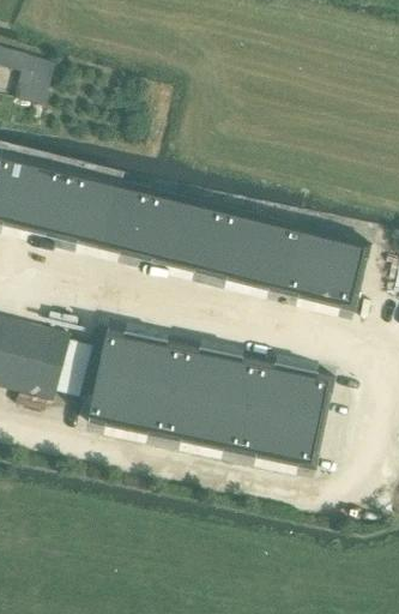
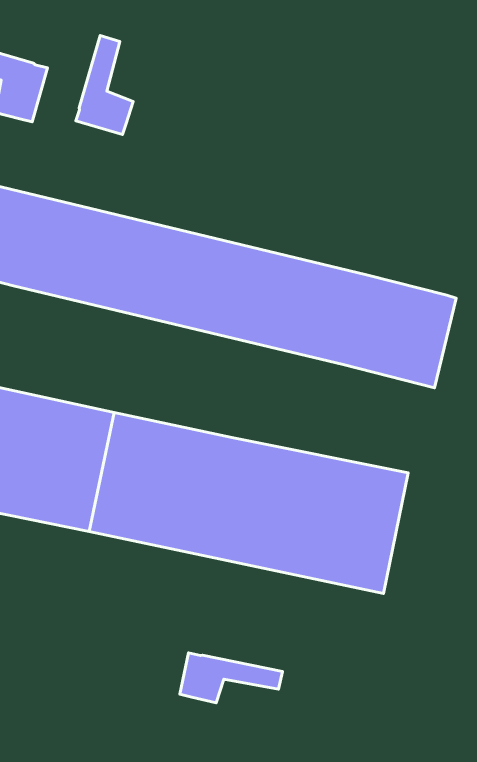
building: none -> [76,35,133,134]
building: none -> [180,653,282,703]

